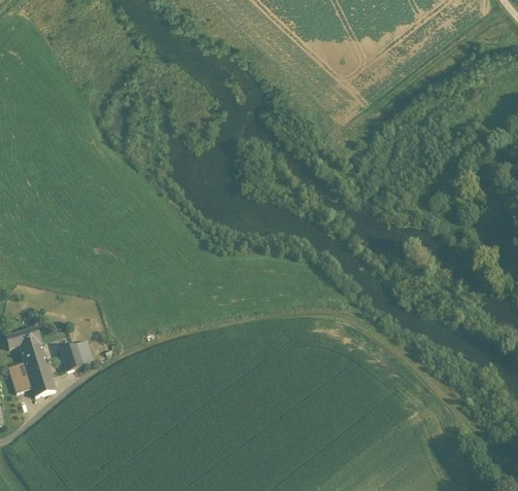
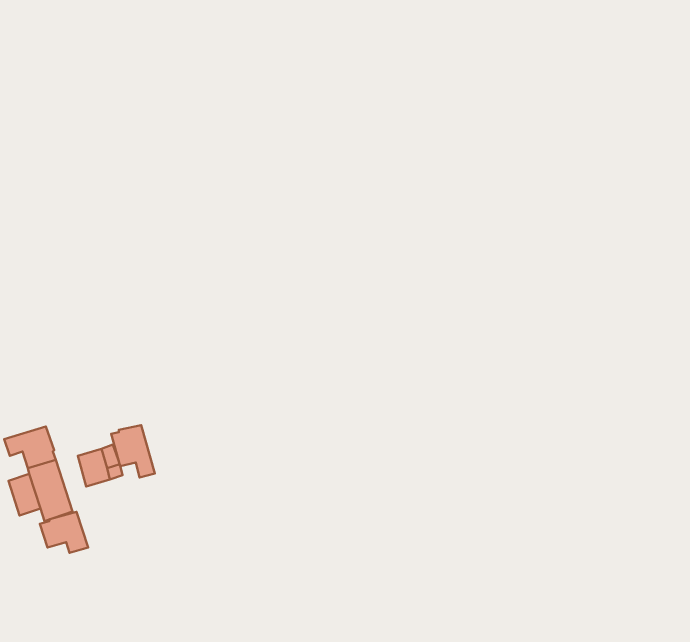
building: none -> [111,425,155,477]
building: none -> [40,512,88,553]

